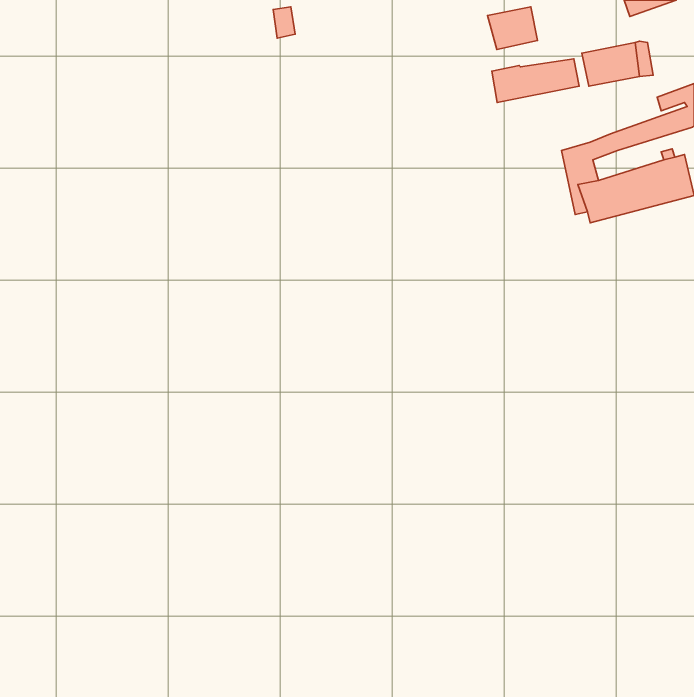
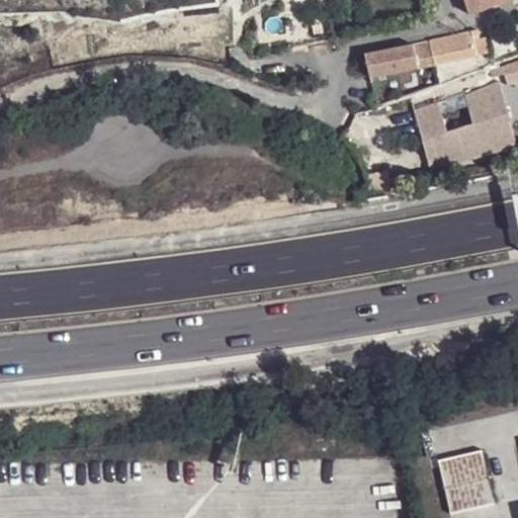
building: [488,7,538,49] -> none
building: none -> [440,446,497,509]

